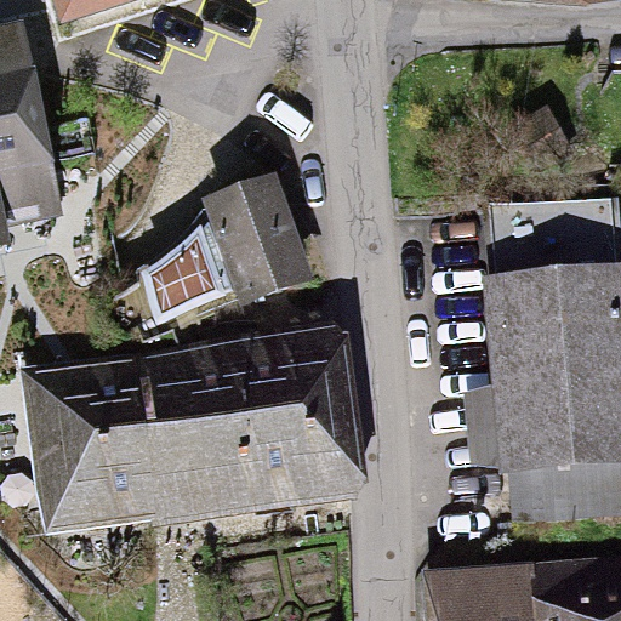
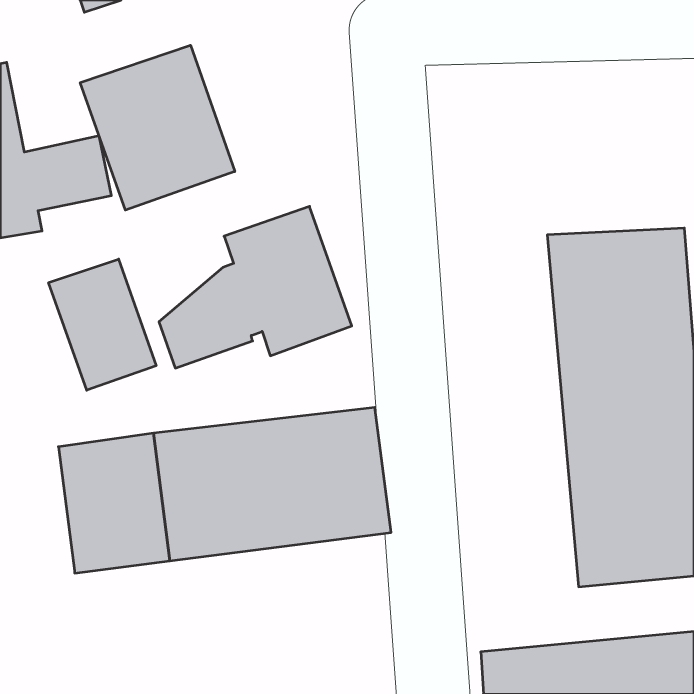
building: none -> [80,45,235,210]
building: none -> [49,259,156,390]

